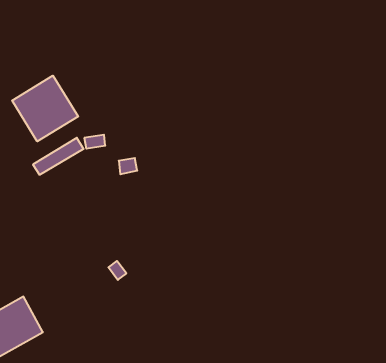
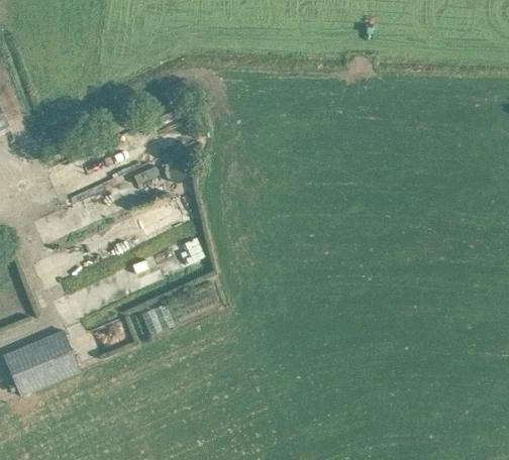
building: [12,76,78,141] -> none

